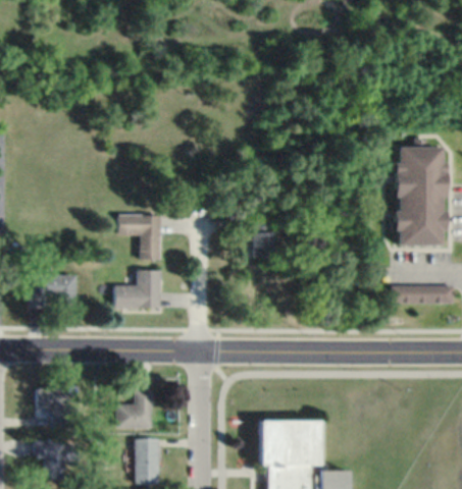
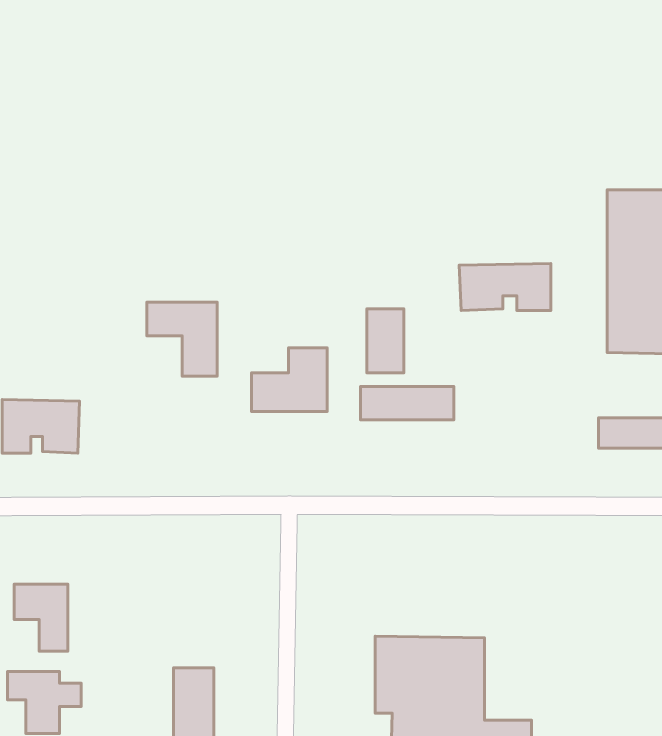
building: none -> [459,264,551,310]
building: none -> [361,386,454,420]
building: [115,271,161,310] -> [252,348,327,411]
building: [116,389,152,428] -> none

